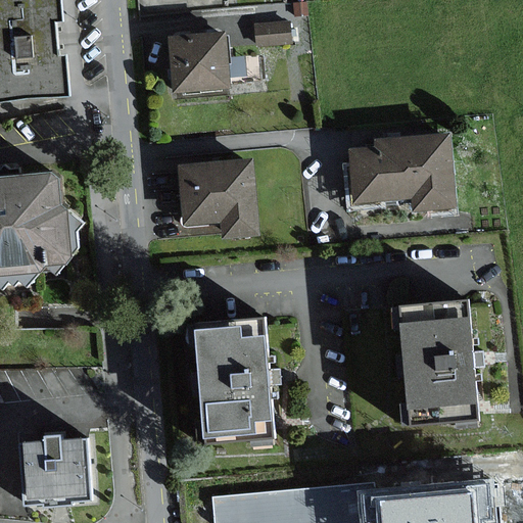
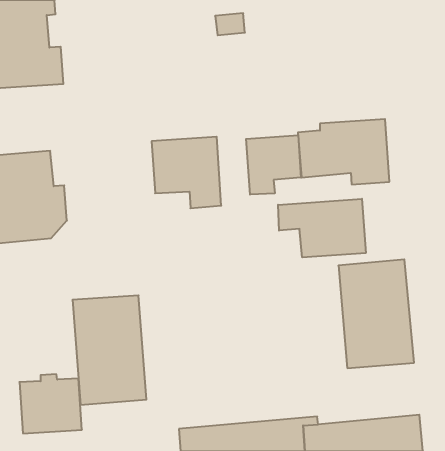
building: [167,31,229,92] -> none
building: none -> [246,135,301,195]
building: none -> [278,199,366,257]
building: [191,320,277,446] -> [72,295,146,405]

